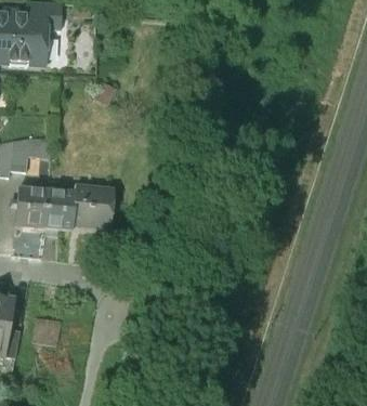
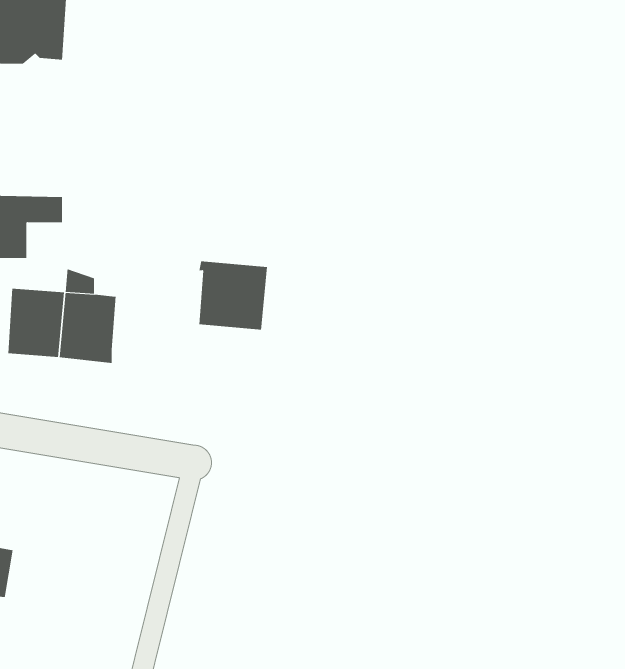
building: [75,185,113,223] -> [198,261,268,330]

